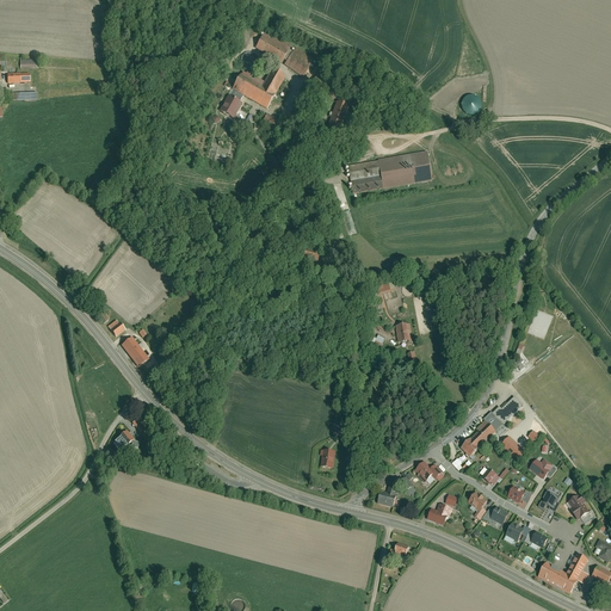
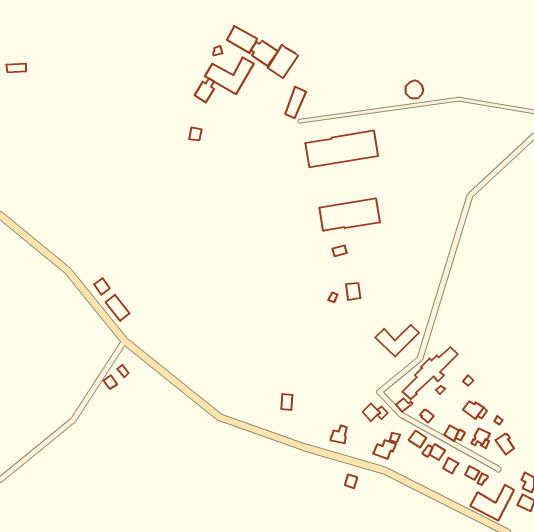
building: none -> [268,45,298,78]
building: none -> [319,198,380,231]
building: none -> [375,325,419,357]

